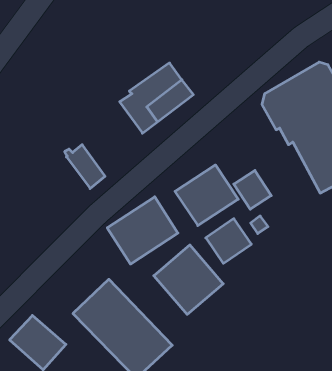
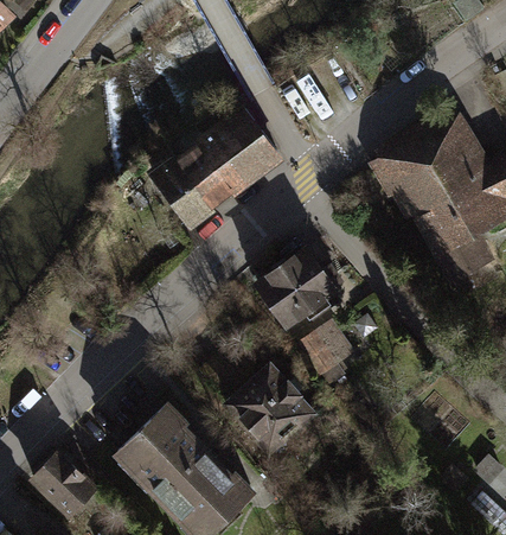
building: [65,145,105,189] -> [155,166,210,225]
building: [234,170,271,209] -> none
building: [107,197,178,264] -> none

